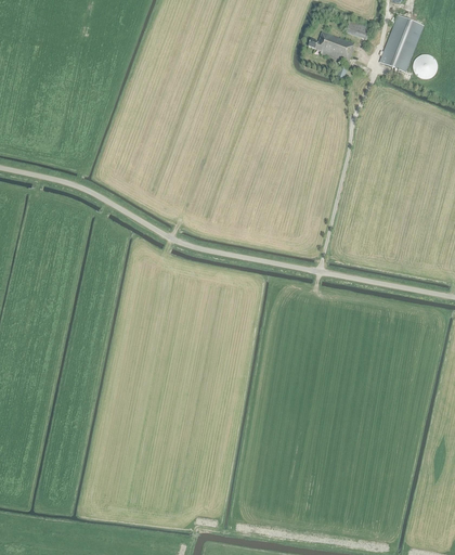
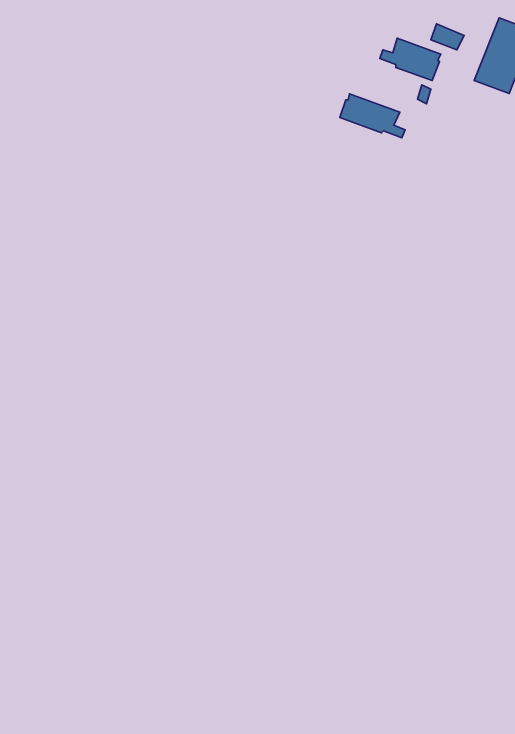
building: none -> [340,94,405,138]

